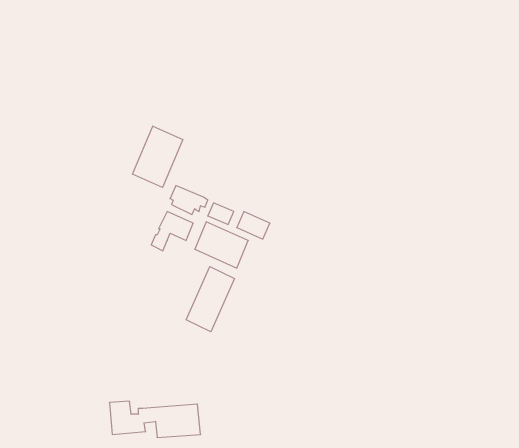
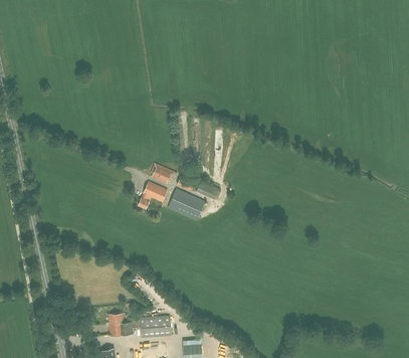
building: [133,126,183,187] -> none
building: [186,267,235,332] -> none

